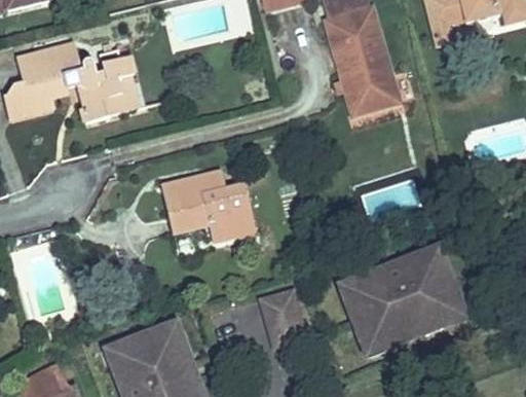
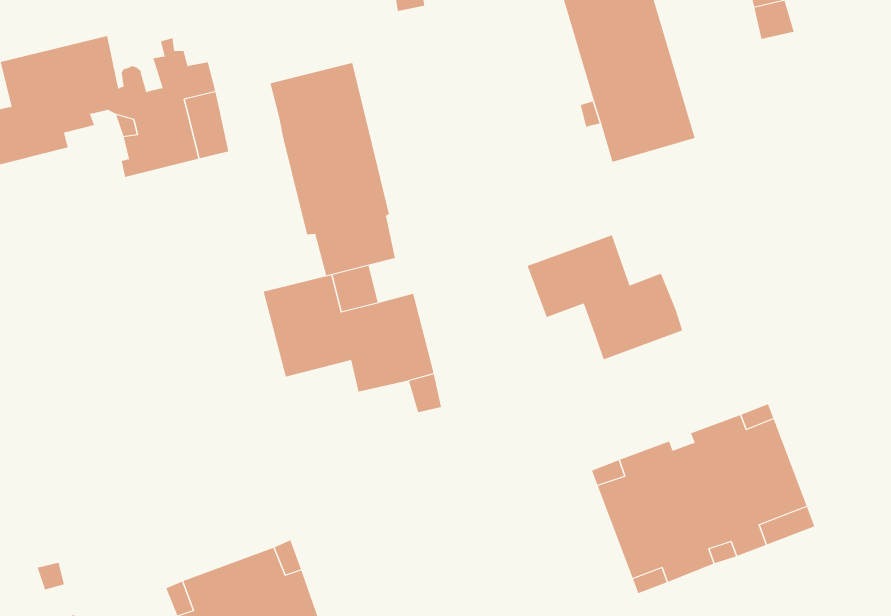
building: none -> [270,62,396,276]
building: none -> [527,235,683,360]
building: [262,288,308,346] -> none

